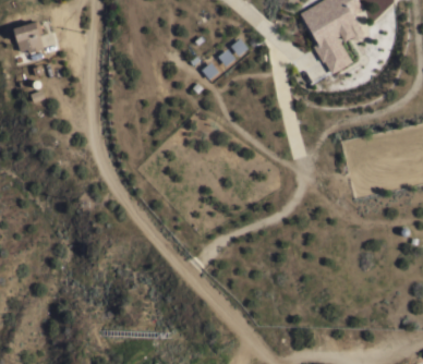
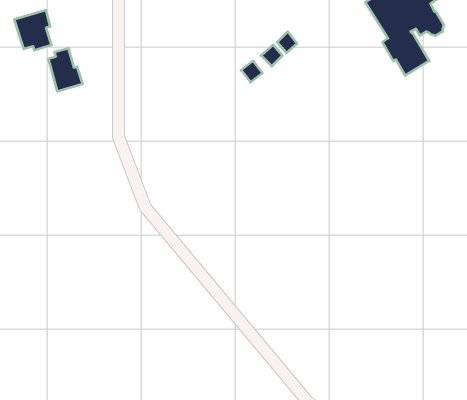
building: none -> [49,48,83,91]

